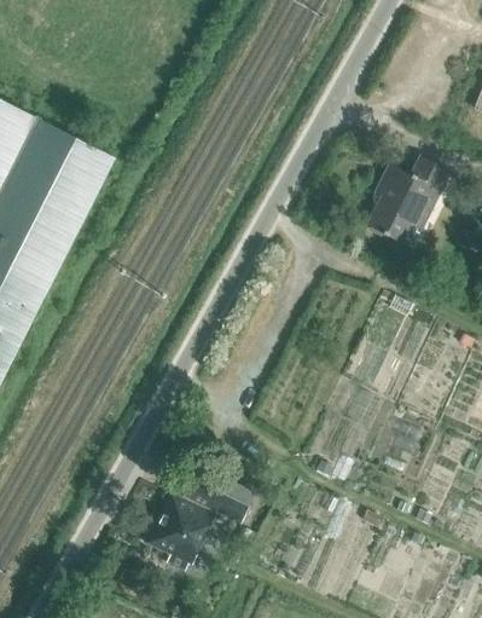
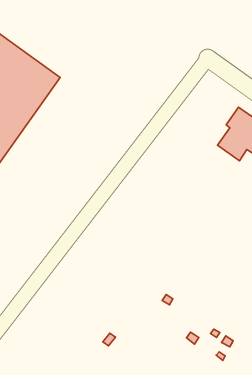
building: [146,479,255,564] -> none

